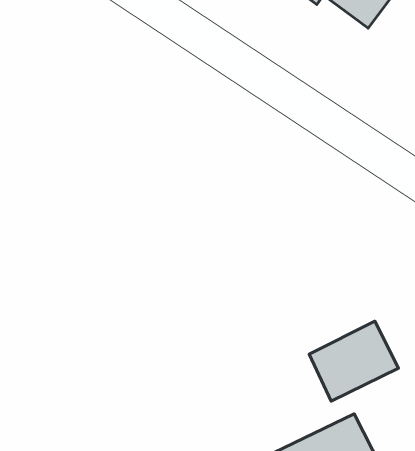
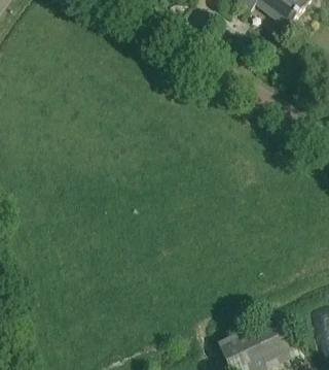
building: [309,321,399,401] -> none

